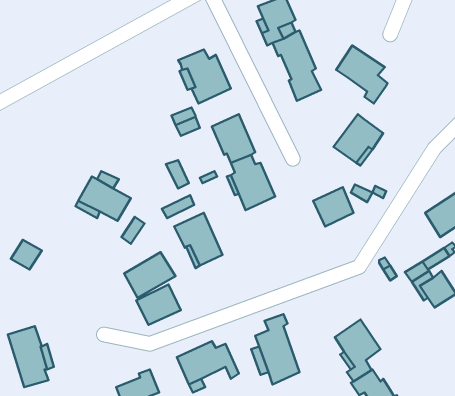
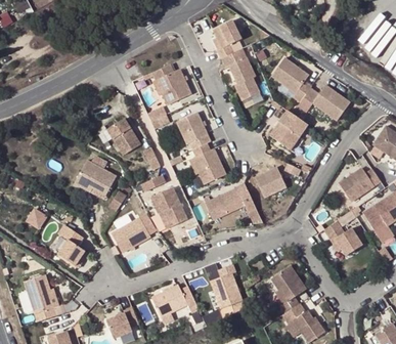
building: none -> [298,86,350,122]
building: none -> [108,116,141,152]
building: none -> [205,184,256,220]
building: none -> [58,224,85,264]

